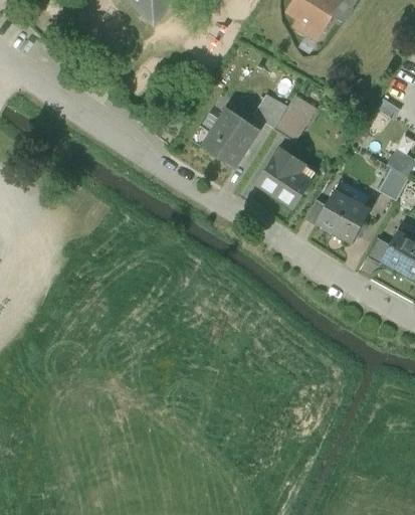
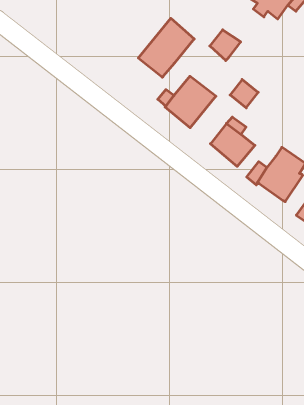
building: none -> [138,18,194,77]
building: [253,95,288,130] -> [210,30,241,61]

